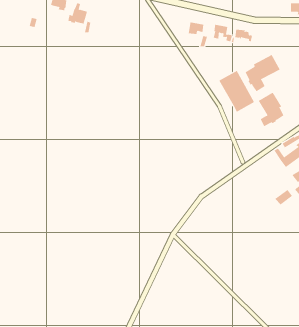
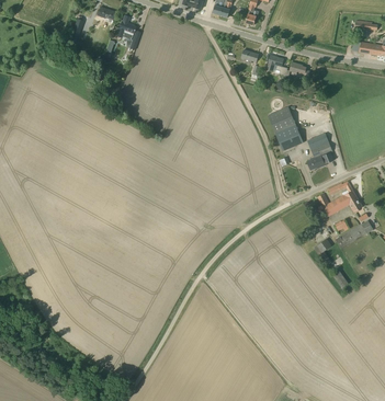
building: [245,54,280,92] -> none

